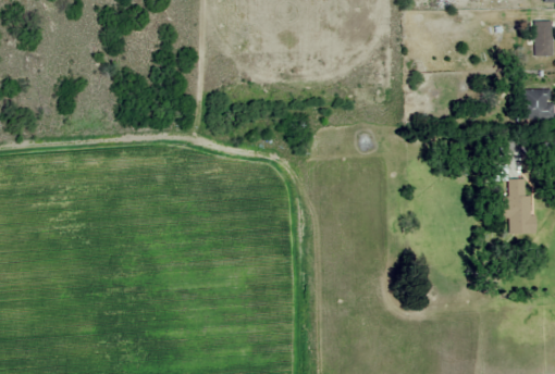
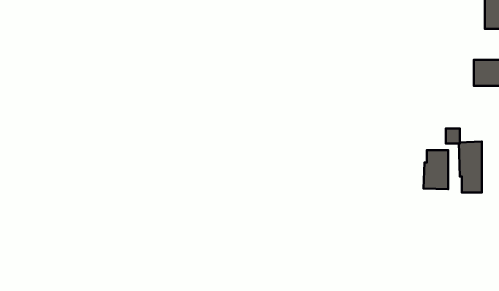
building: none -> [424,150,448,189]

